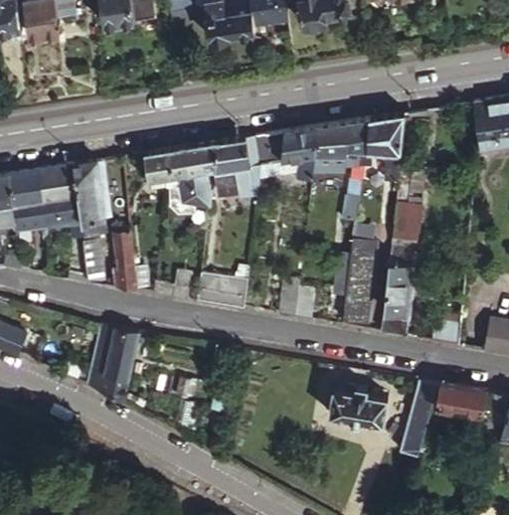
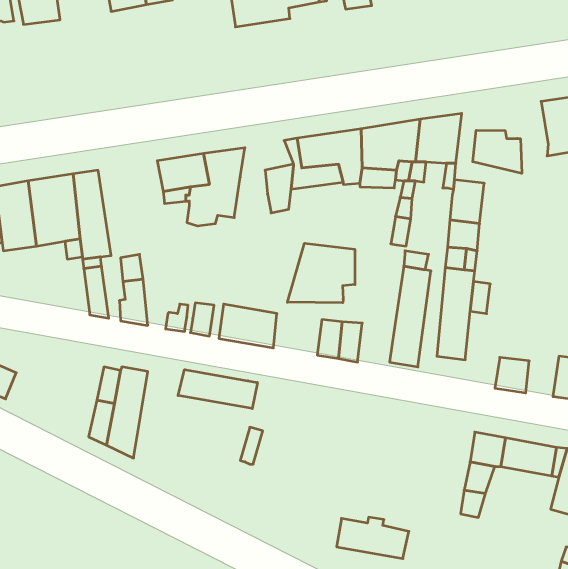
building: none -> [473,130,522,173]
building: [216,134,262,183] -> none
building: none -> [287,243,355,303]
building: none -> [178,370,257,409]
building: [328,388,389,423] -> [337,517,409,559]

